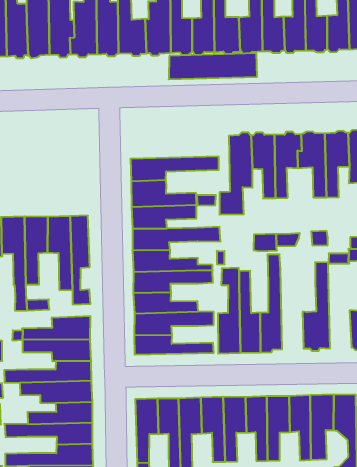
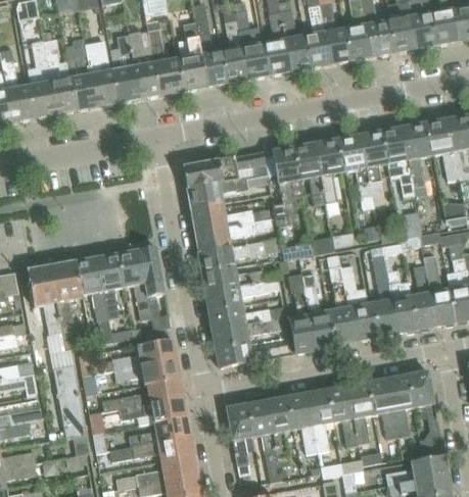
building: [169,53,257,79] -> [183,151,267,188]
building: none -> [340,264,373,341]
building: none -> [386,269,417,333]

